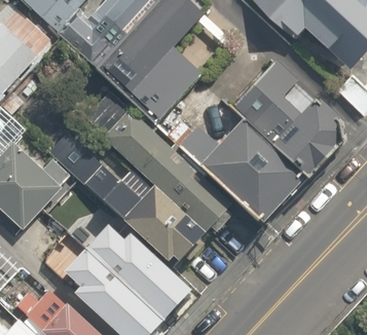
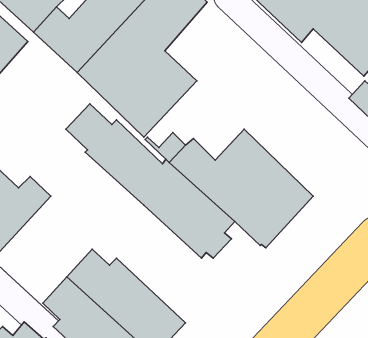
building: [231,60,343,179] -> none
building: [46,131,206,261] -> none

